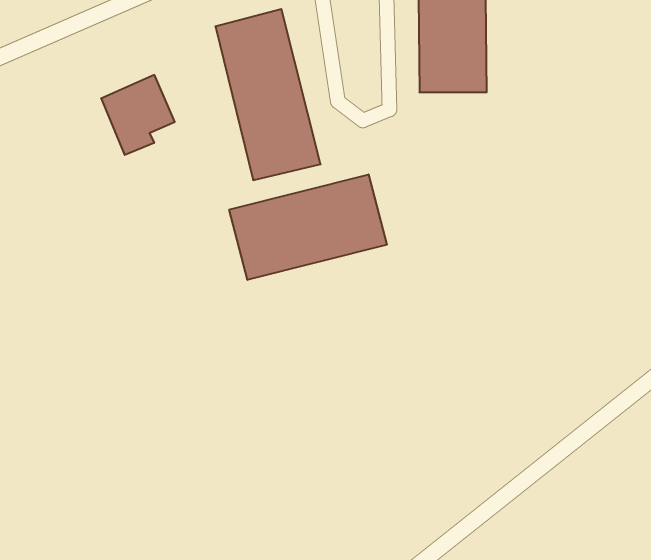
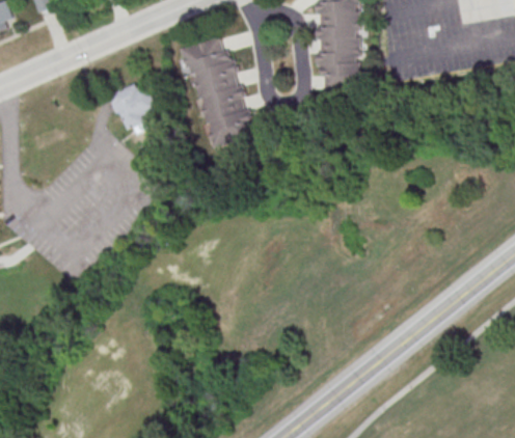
building: [229,174,387,280] -> none

